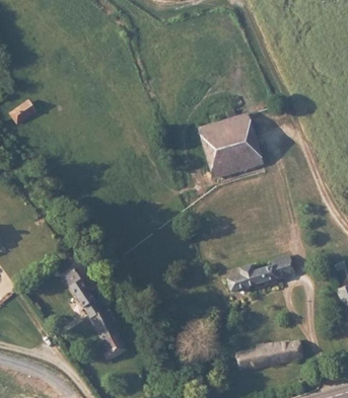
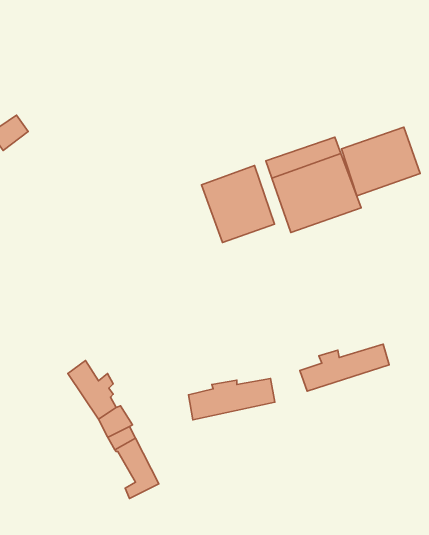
building: none -> [341,127,420,196]
building: none -> [202,166,275,242]
building: [229,342,289,371] -> [188,379,275,420]

